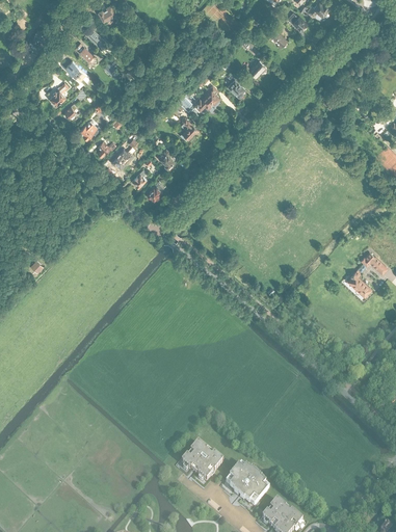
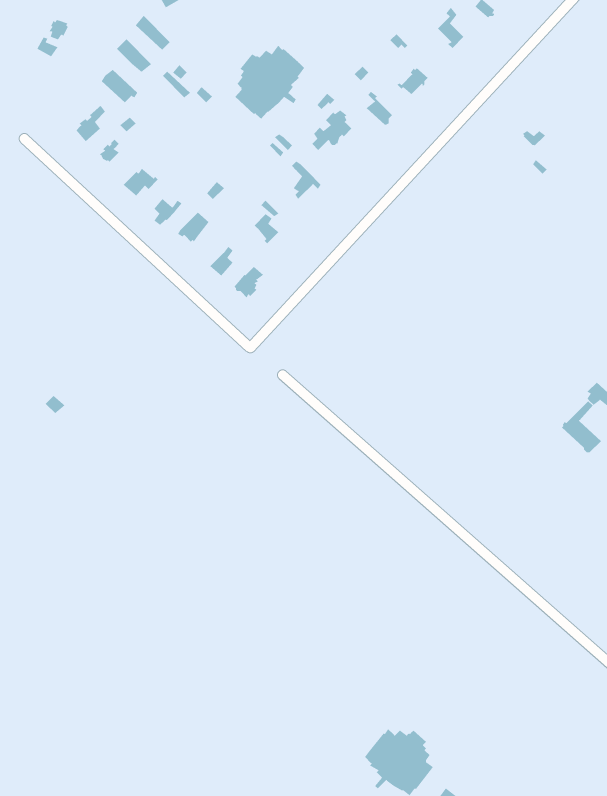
building: none -> [234,45,305,120]
building: [181,443,222,480] -> none

